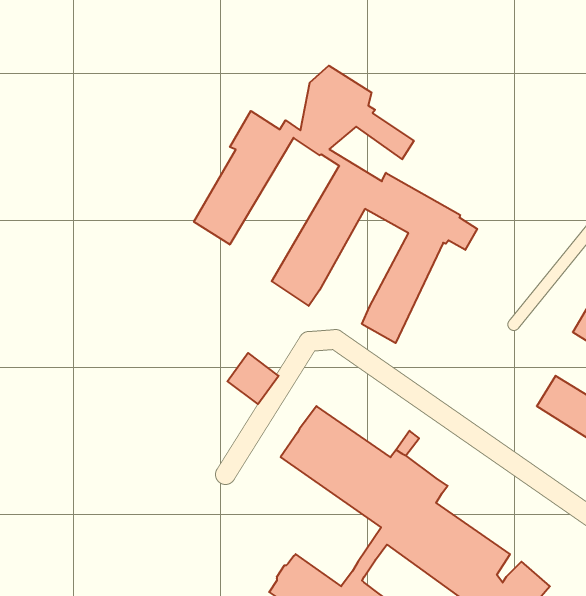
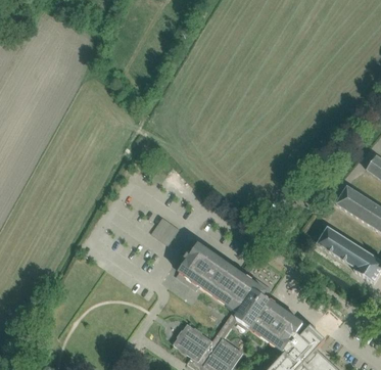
building: [194,66,477,343] -> none

